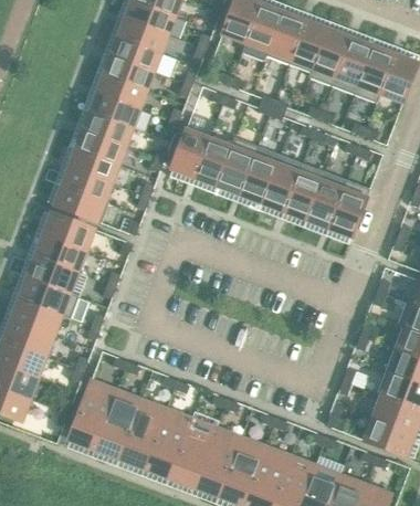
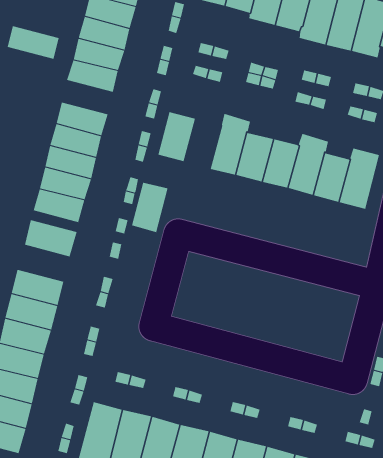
building: [91,92,138,126] -> [7,26,59,60]
building: [195,138,231,185] -> [131,182,168,233]
building: [35,234,84,271] -> none

